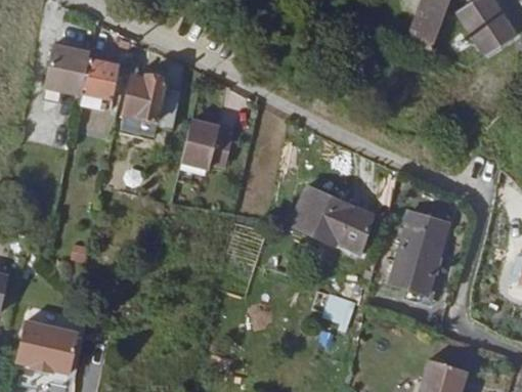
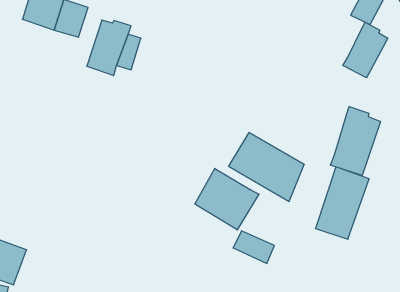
building: none -> [343,22,388,78]
building: [182,118,234,166] -> none
building: none -> [330,106,380,175]
building: none -> [195,168,259,230]

